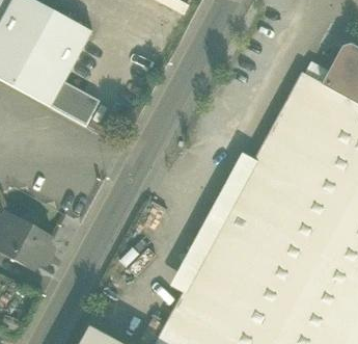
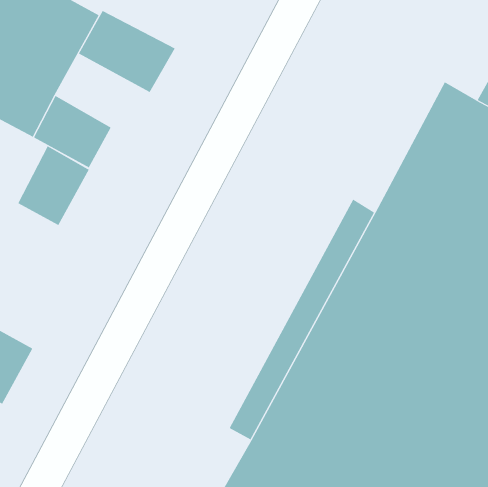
building: none -> [78,10,176,93]
building: none -> [17,145,89,226]

